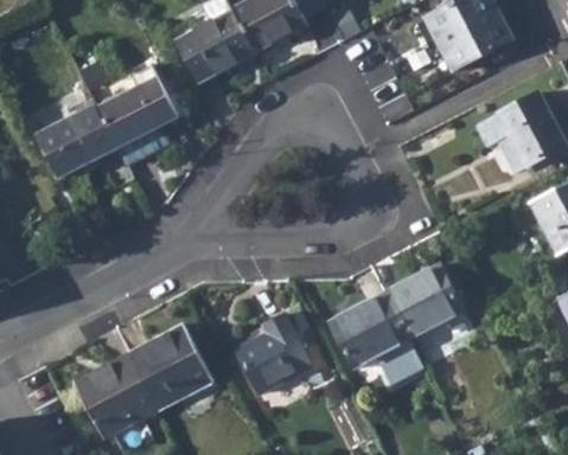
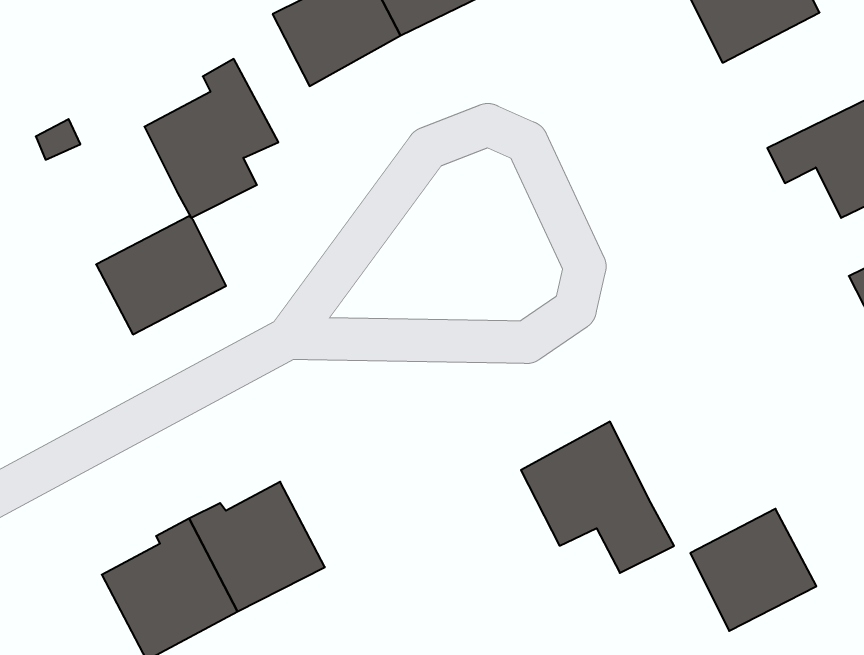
building: [38,108,117,180] -> [96,216,226,334]
building: [382,263,459,338] -> [690,509,816,631]
building: [235,315,306,391] -> none

